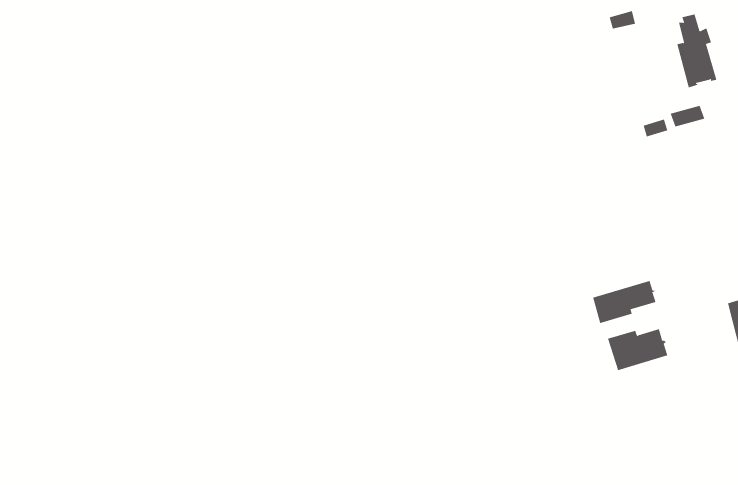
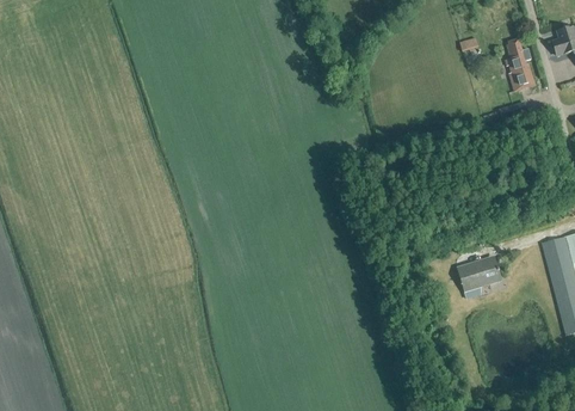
building: [593,280,656,324] -> none

